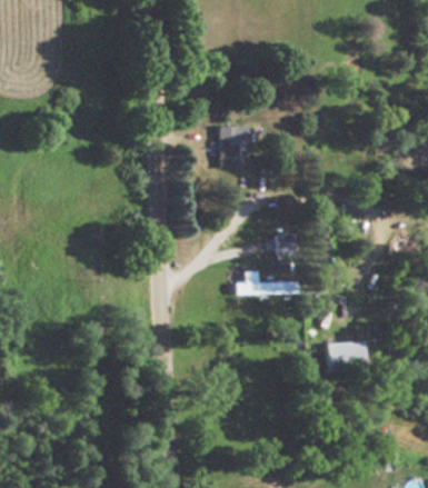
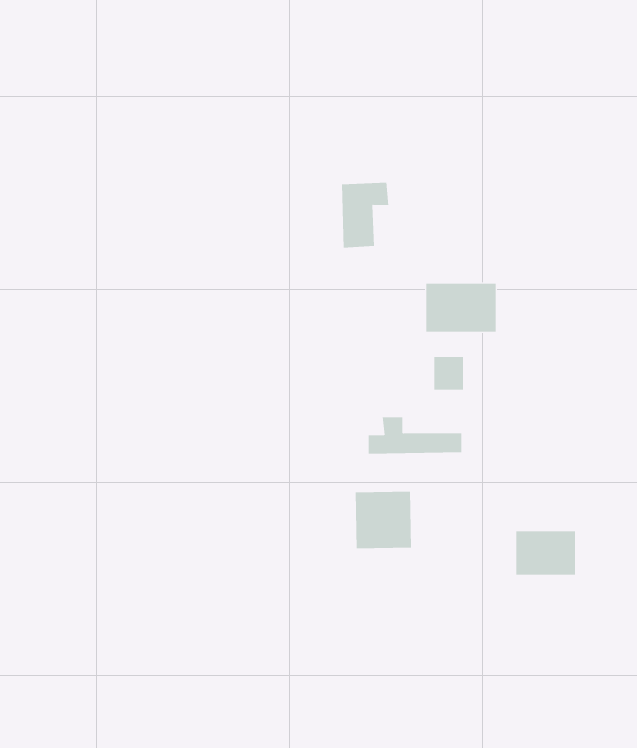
building: none -> [426,283,496,333]
building: none -> [355,491,412,549]

